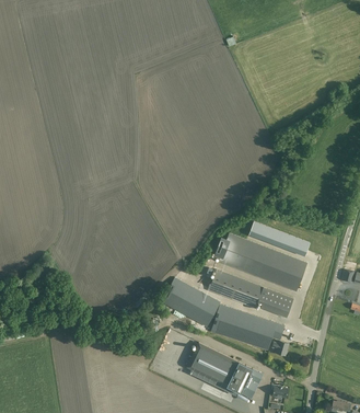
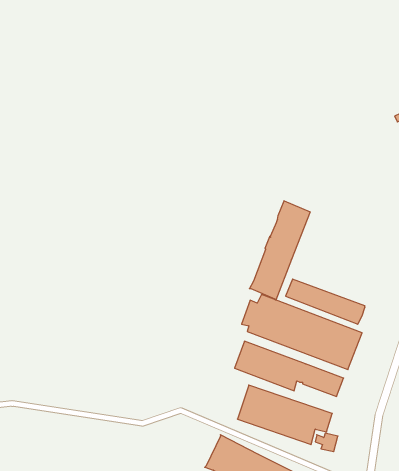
building: none -> [249,201,310,300]
building: [162,277,220,326] -> none

